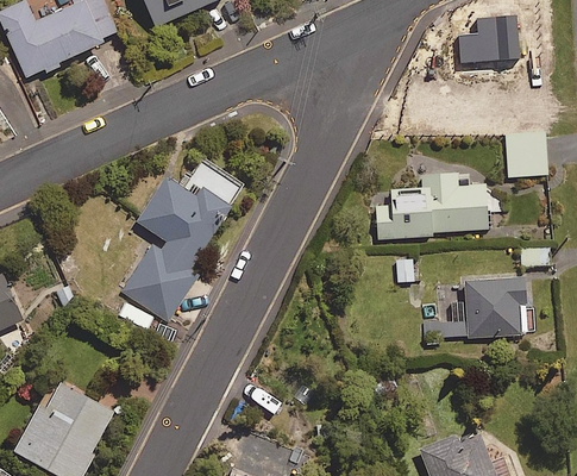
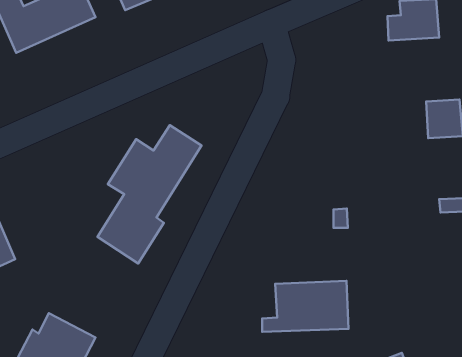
building: [374,173,487,239] -> none
building: [425,278,526,338] -> [262,281,348,332]

